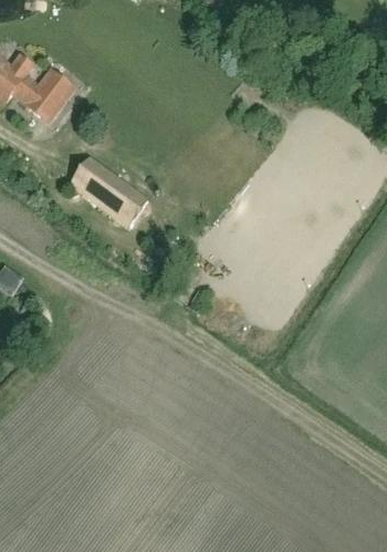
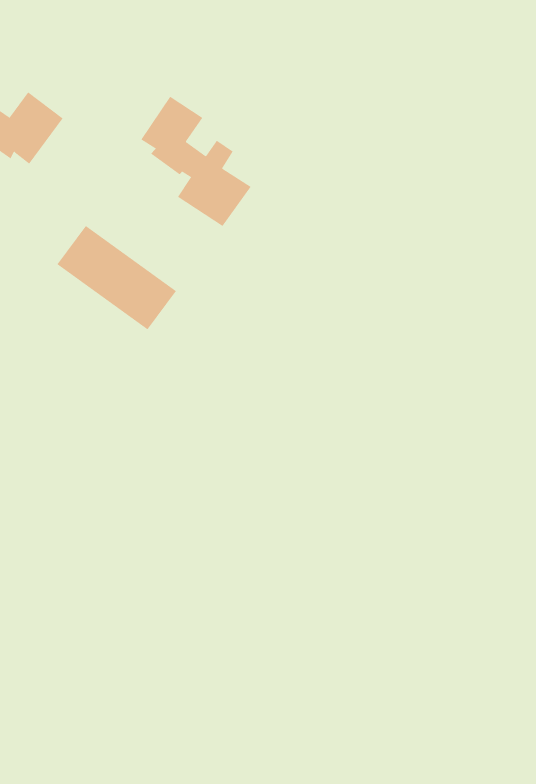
building: none -> [141,96,251,227]

